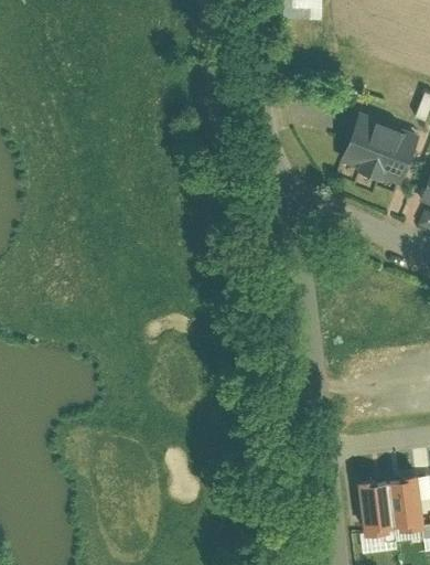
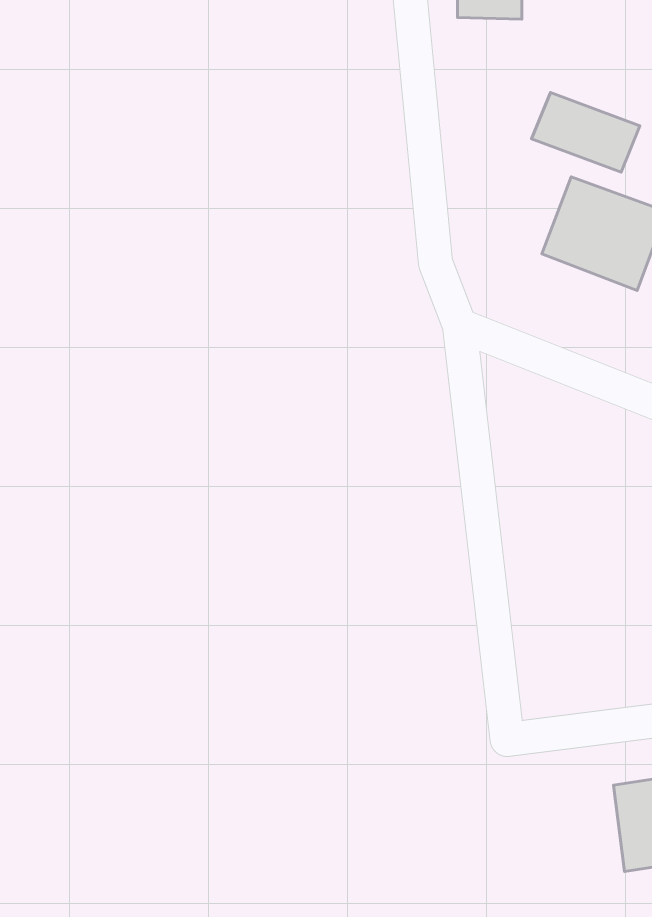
building: none -> [532,92,640,172]
building: [357,482,393,537] -> none

